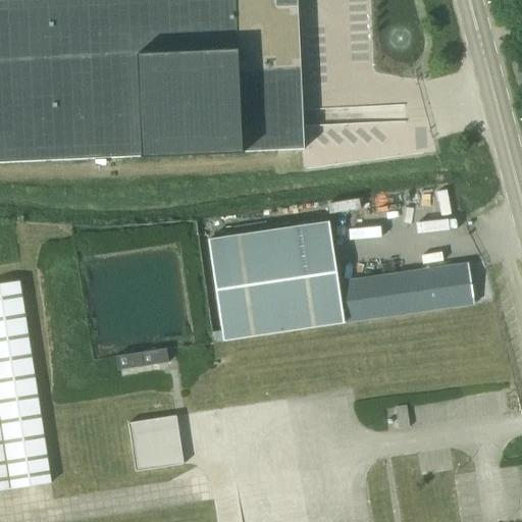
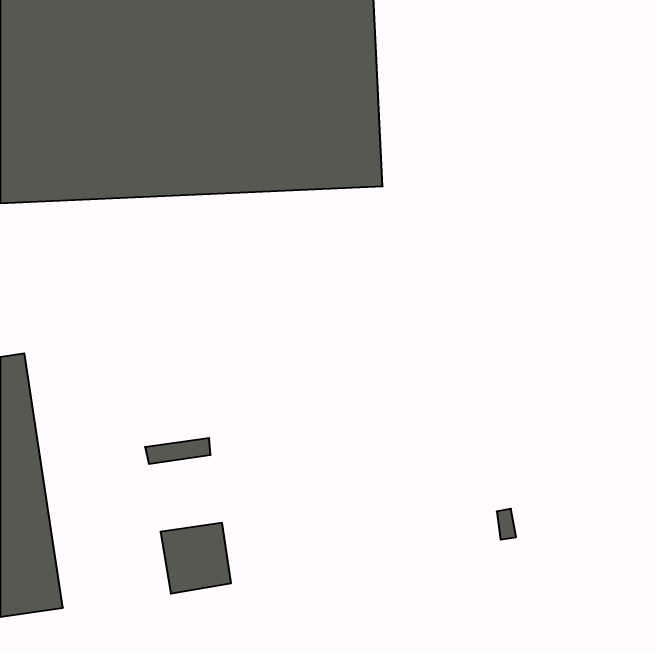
building: [209,221,474,340] -> none

